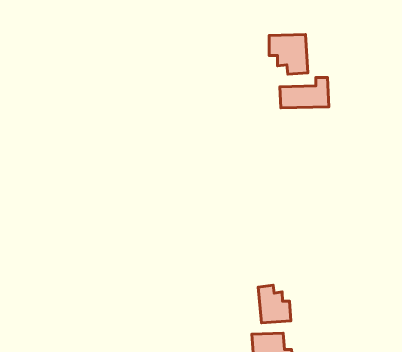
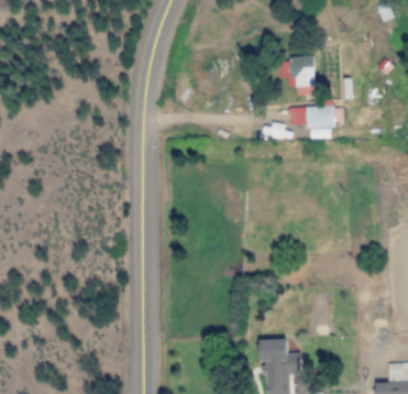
building: [258,285,291,323] -> none

